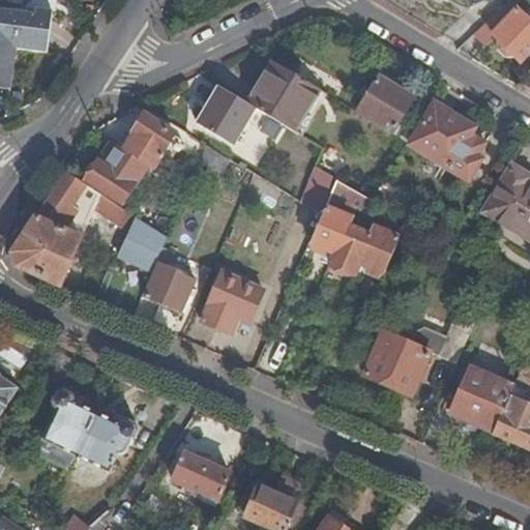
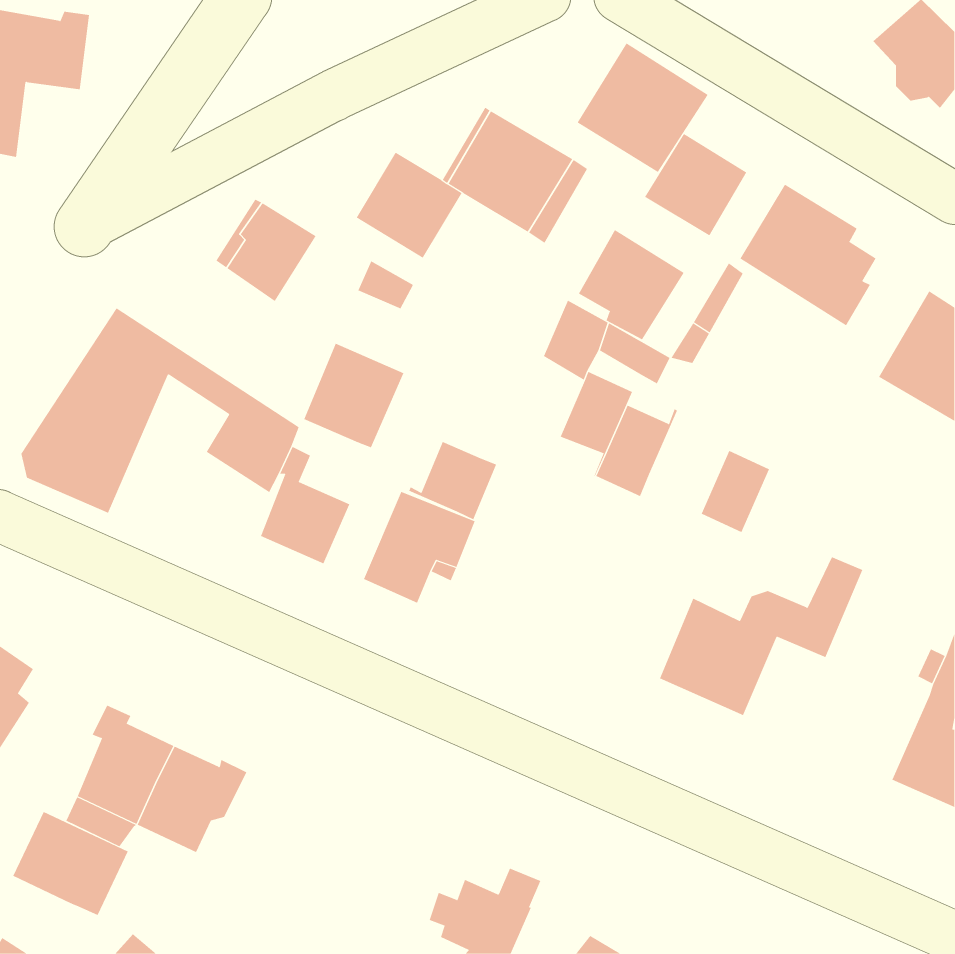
building: none -> [577,42,708,173]
building: none -> [578,229,685,340]
building: [89,152,142,201] -> none
building: none -> [303,343,404,448]
building: [359,227,398,272] -> [701,450,770,533]
building: none -> [409,441,497,520]
building: [449,364,513,431] -> none
building: none -> [13,811,128,916]
building: [172,453,228,506] -> none

